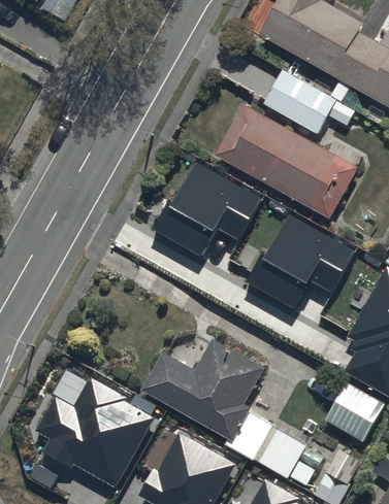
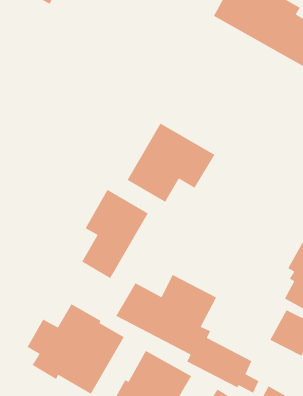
building: [263,69,357,133] -> none
building: [216,104,360,219] -> none
building: [250,212,355,308] -> none
building: none -> [81,189,149,279]

